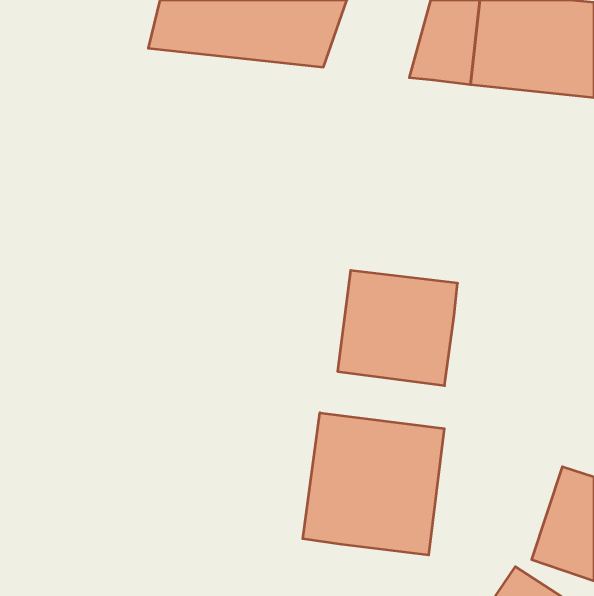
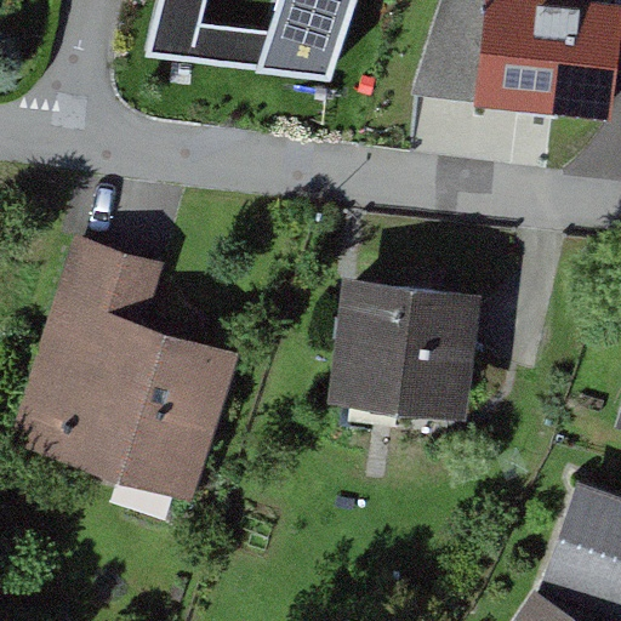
building: none -> [22,243,227,485]
building: [303,413,444,555] -> none

